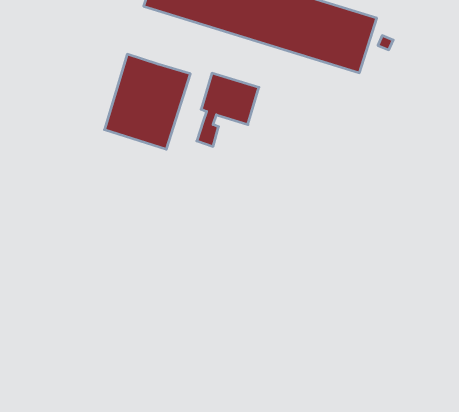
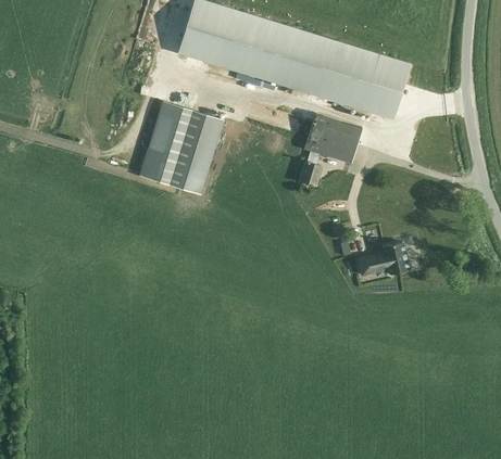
building: [197,73,259,146] -> [299,113,361,186]
building: none -> [360,241,409,273]

